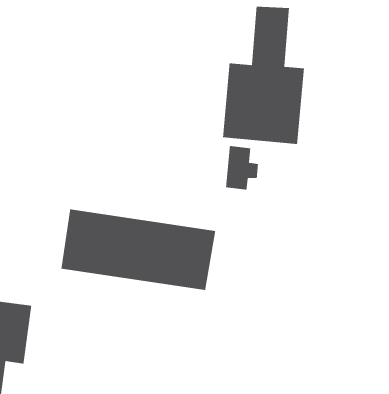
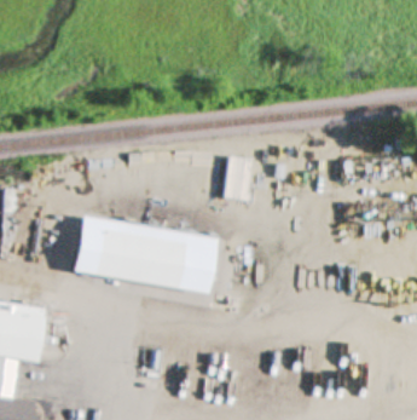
building: [222,6,305,145] -> none

